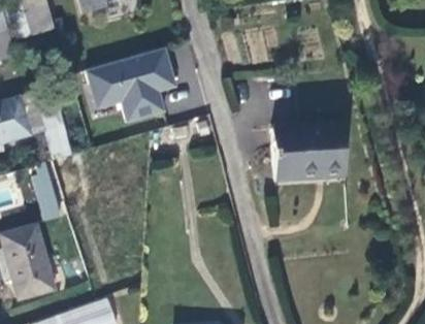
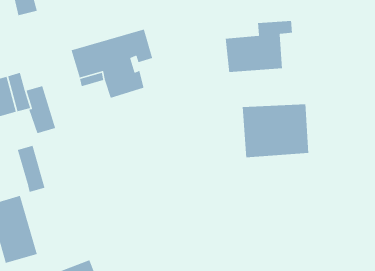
building: none -> [225,20,293,73]

